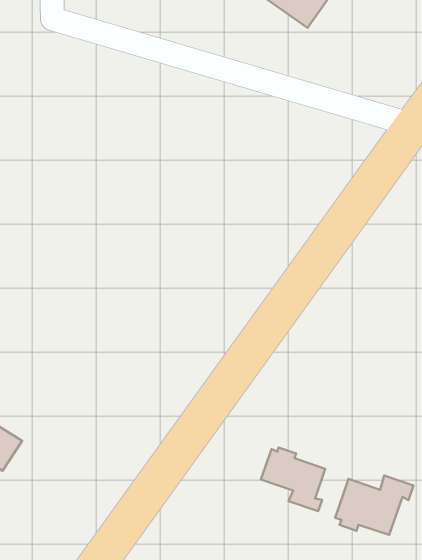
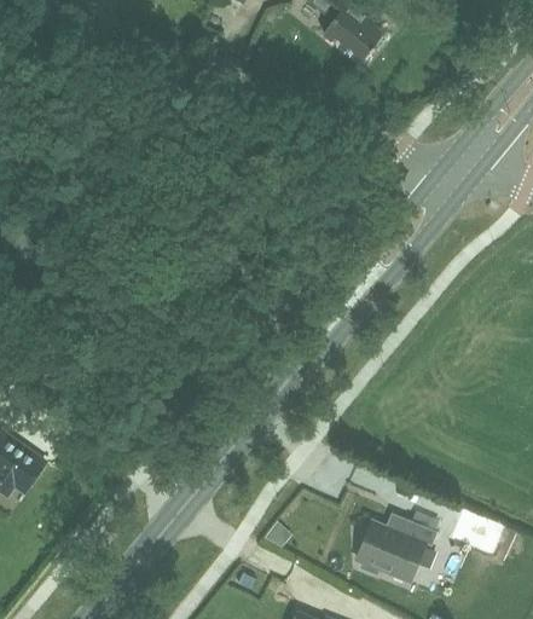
building: [261,447,325,511] -> none

